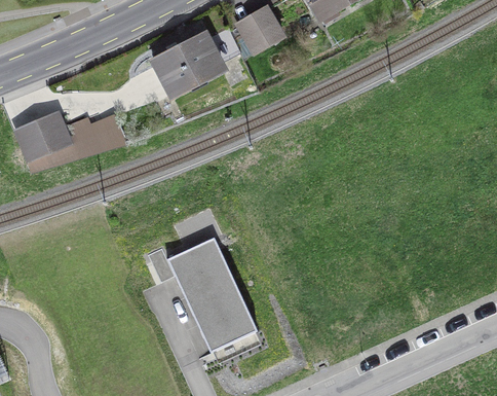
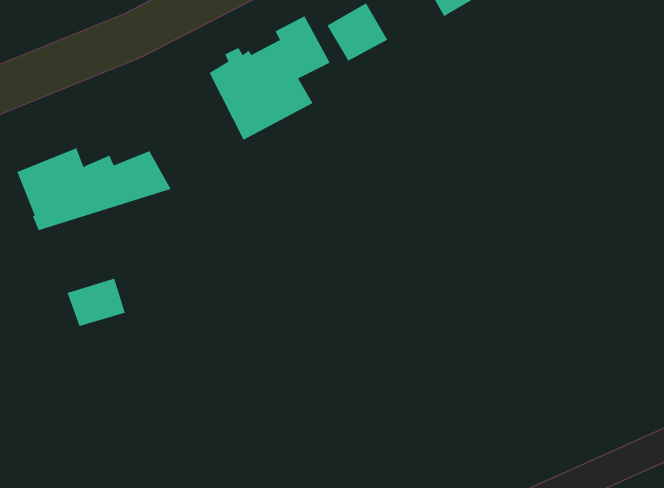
building: none -> [67,278,126,327]
building: [147,237,256,352] -> none

